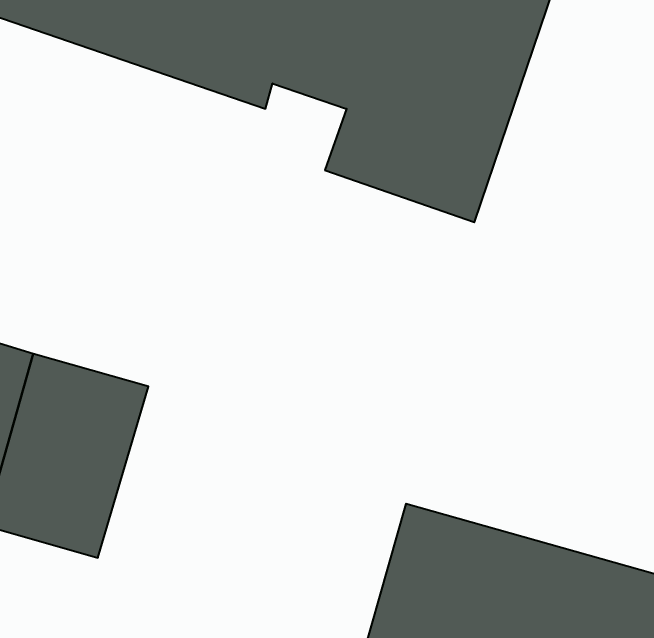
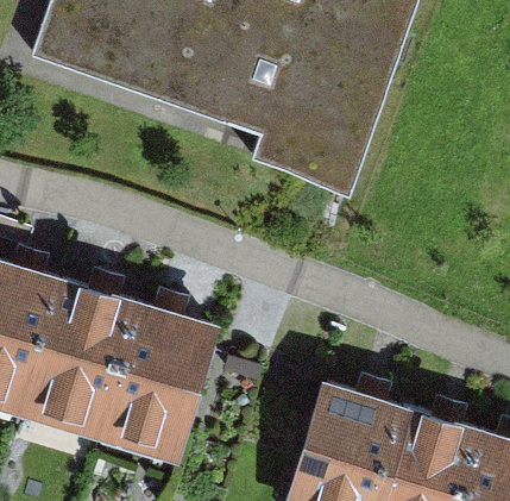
building: none -> [105,302,214,438]

